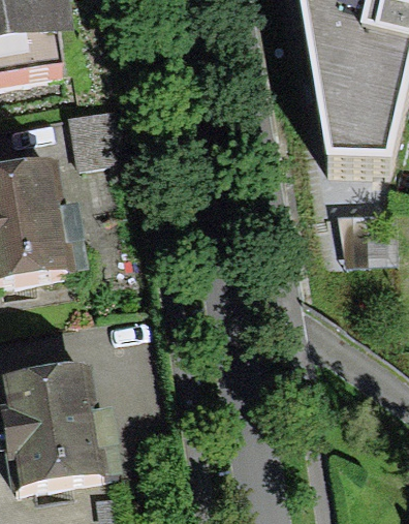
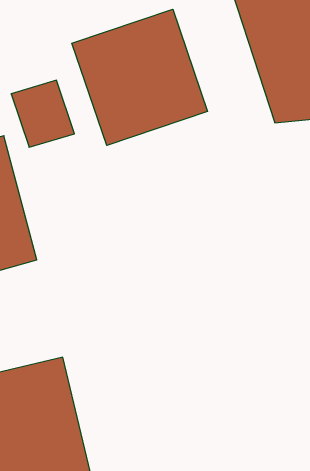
building: none -> [72,9,208,145]

